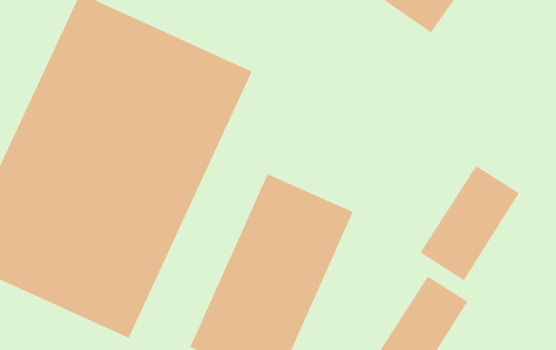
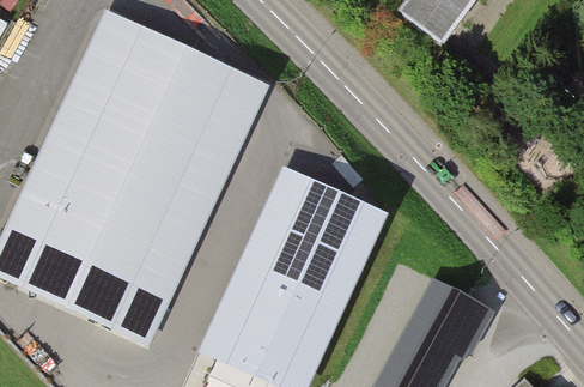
building: [420,165,520,281] -> none

